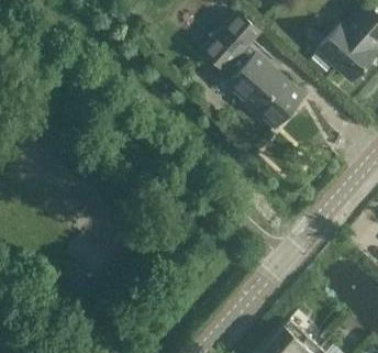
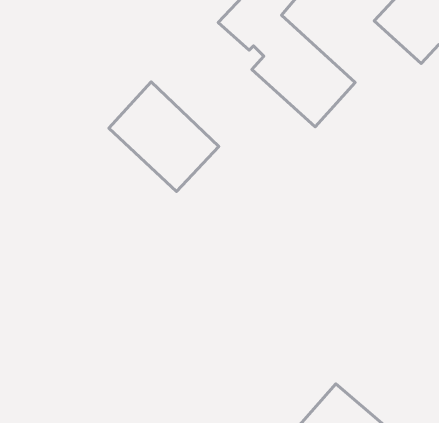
building: none -> [109,82,219,191]

